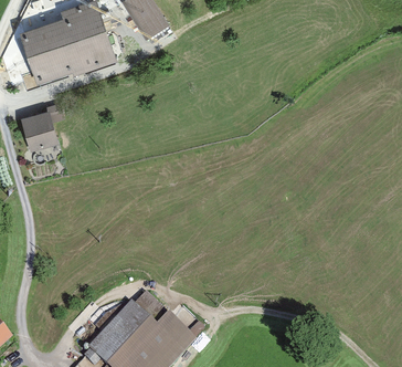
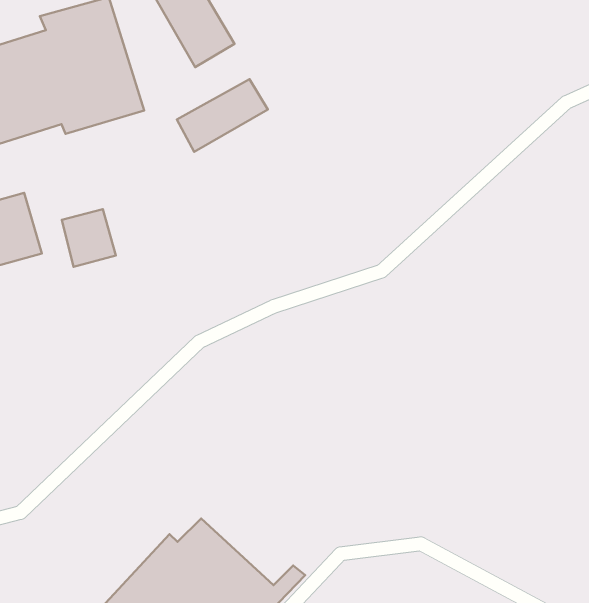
building: none -> [177,79,268,152]
building: none -> [62,209,116,267]

